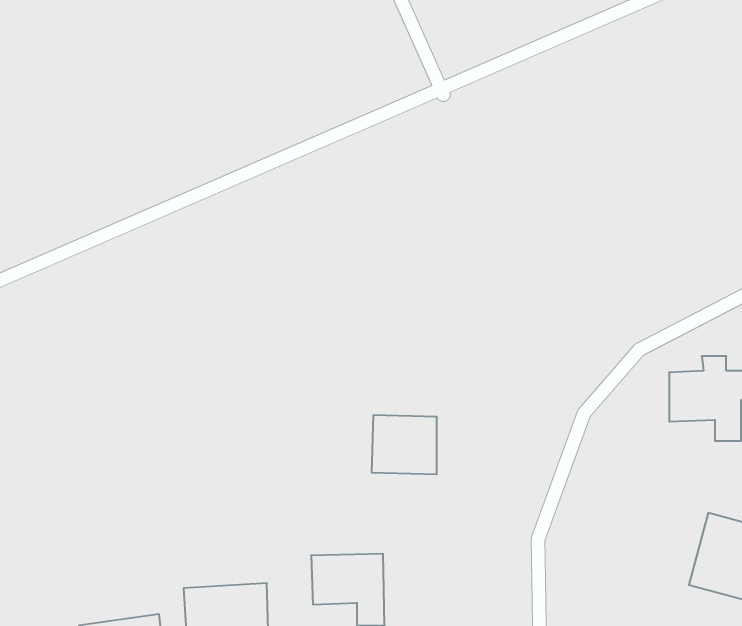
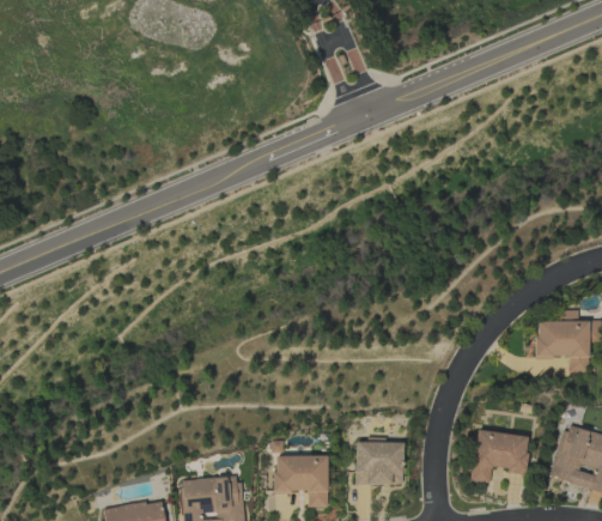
building: [372,415,437,474] -> [355,442,403,485]
building: none -> [470,430,530,484]

